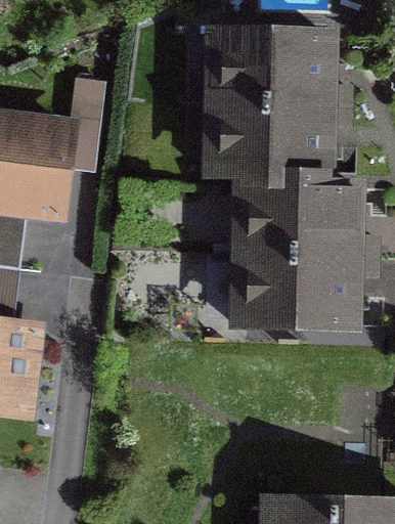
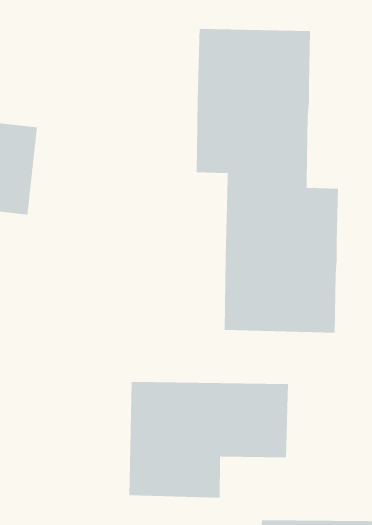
building: none -> [129,381,289,498]

